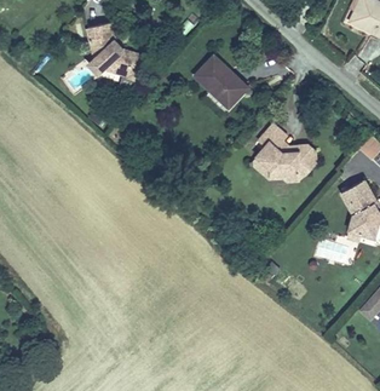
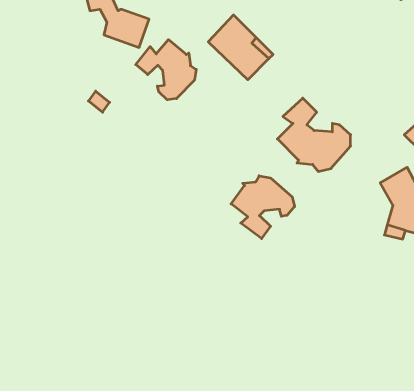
building: none -> [136,40,196,100]
building: none -> [231,176,295,239]

